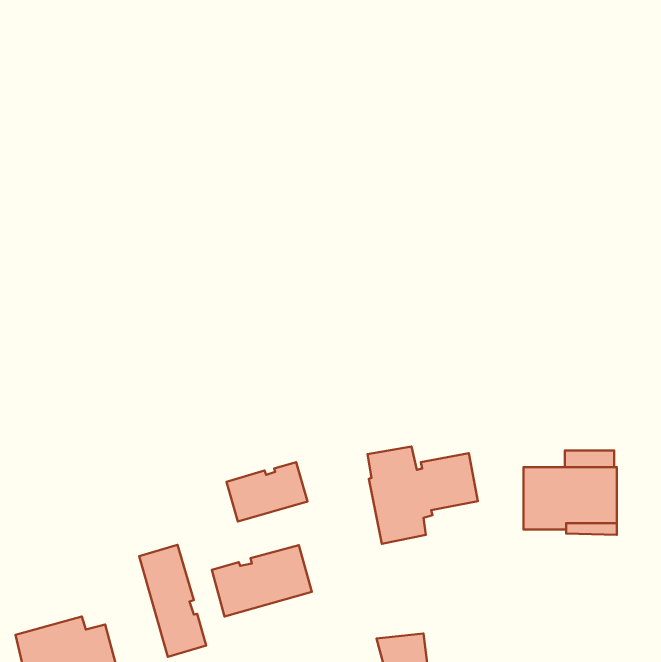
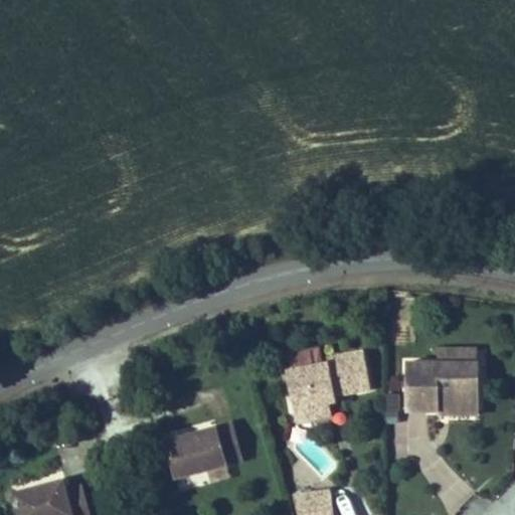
building: [227,462,307,521] -> none
building: [139,545,206,657] -> none

